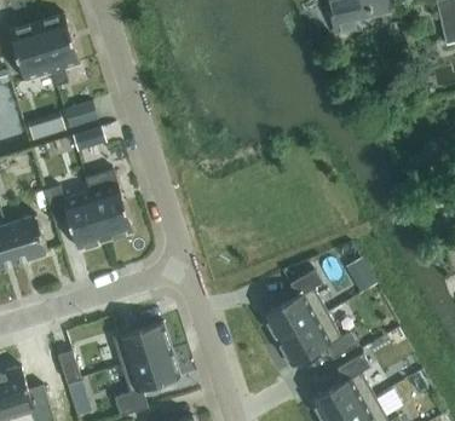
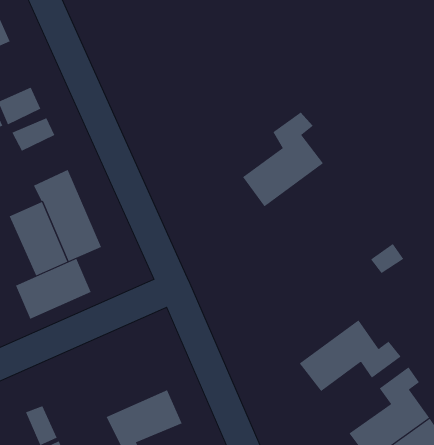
building: [263,270,328,341] -> [242,112,324,207]
building: [113,322,172,365] -> [15,258,92,319]

